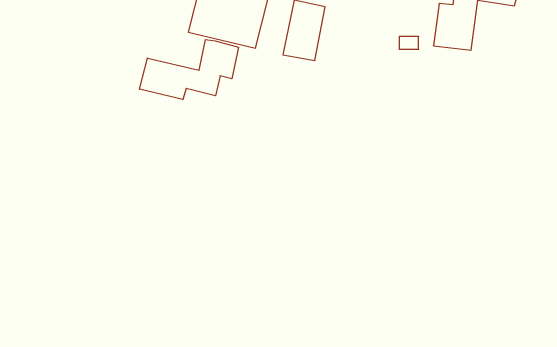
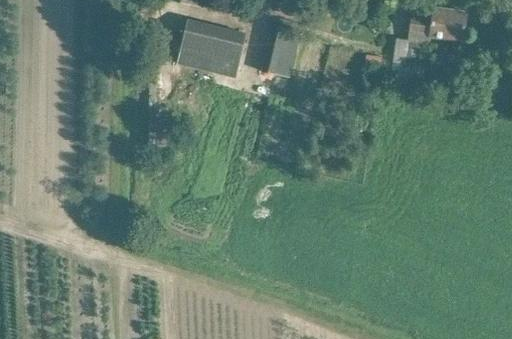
building: [139,40,239,100] -> none

